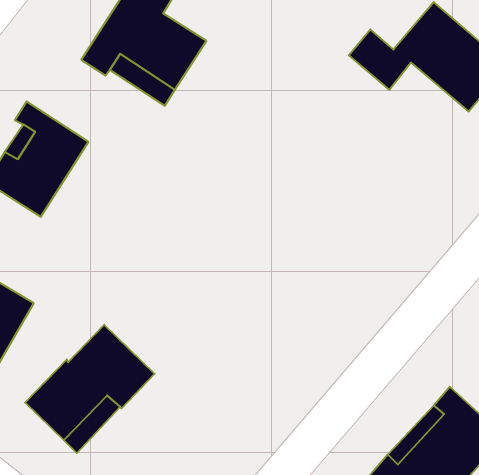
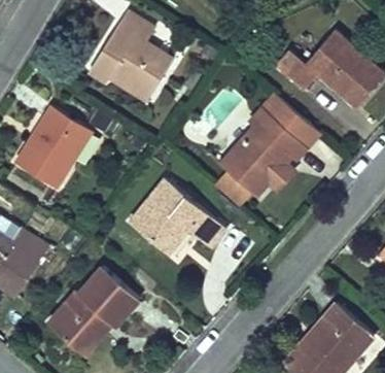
building: none -> [218,92,322,197]
building: none -> [128,175,226,249]

